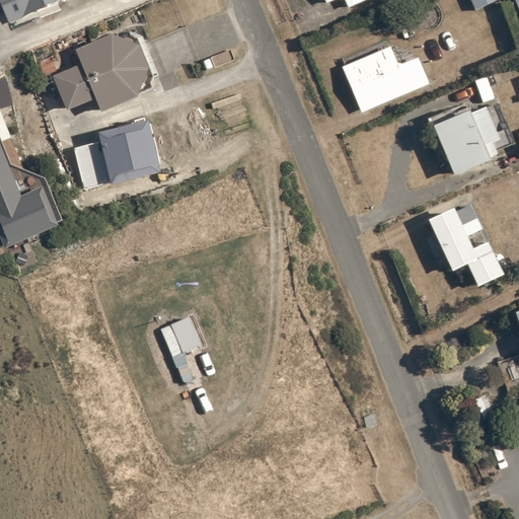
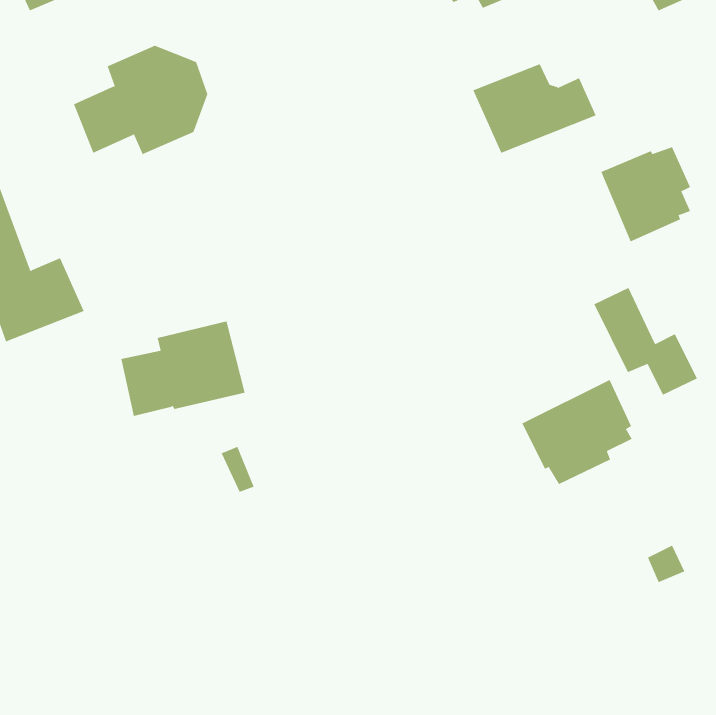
building: [73,120,163,189] -> [120,321,246,417]
building: none -> [522,379,632,485]

